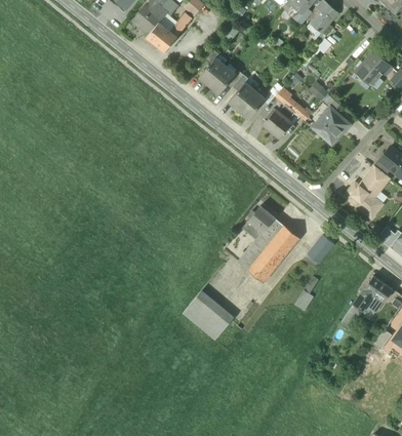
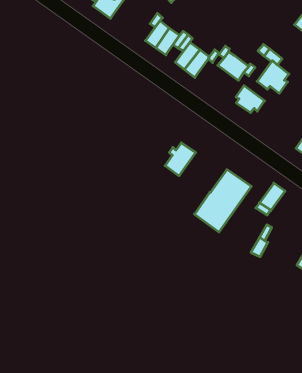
building: [264,108,293,136] -> [236,86,265,113]
building: [242,206,275,240] -> [165,143,196,175]
building: [184,292,233,340] -> none

